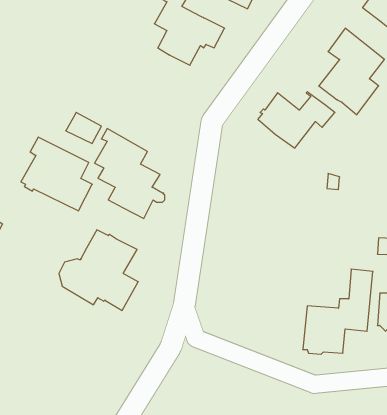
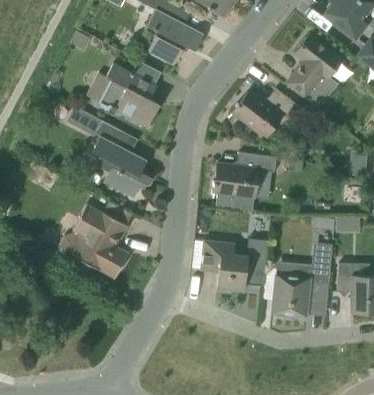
building: [21,137,92,211] -> [97,63,159,127]
building: none -> [212,152,276,211]
building: none -> [200,238,268,293]

